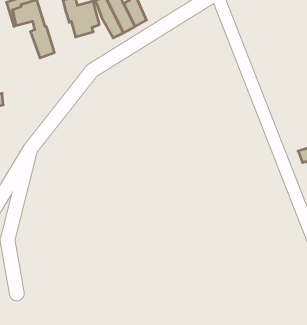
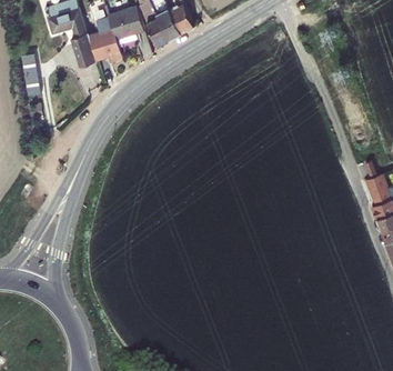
building: none -> [89,18,123,63]

